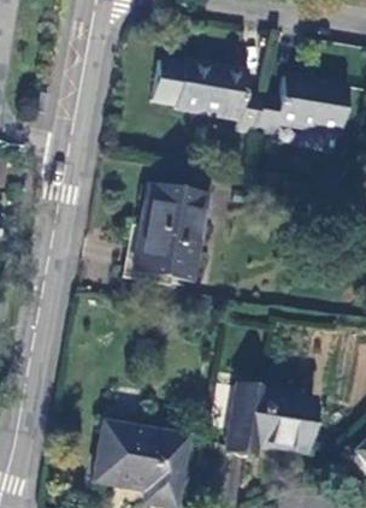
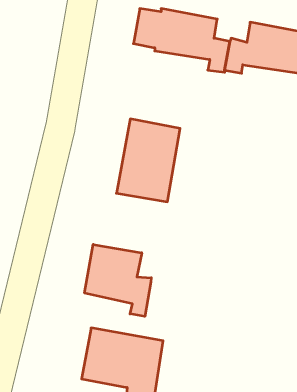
building: none -> [85,244,151,316]
building: [230,384,317,454] -> none

